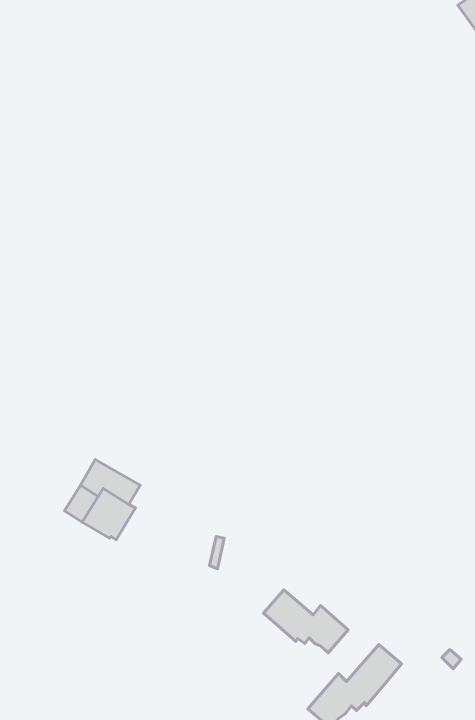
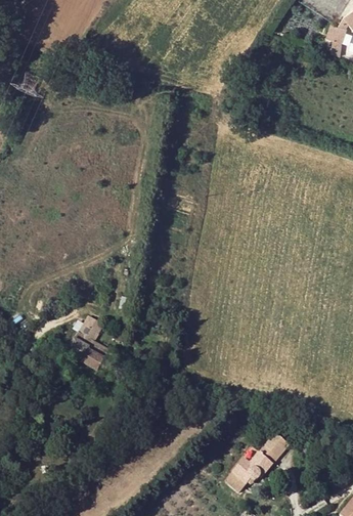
building: [264,590,348,653] -> none

